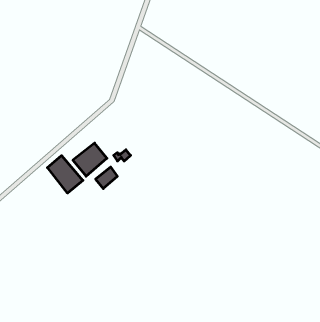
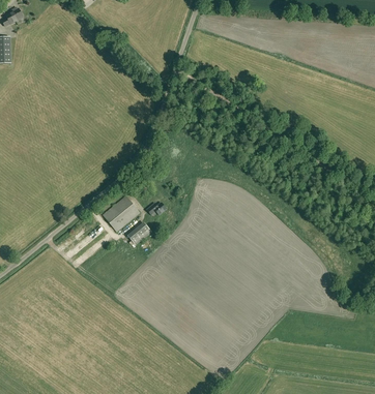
building: [47,156,83,193] -> none

